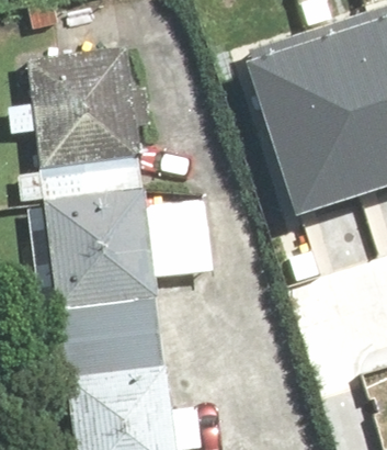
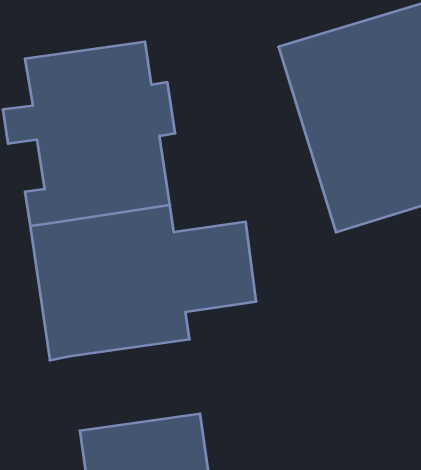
building: [64,302,173,379] -> none

